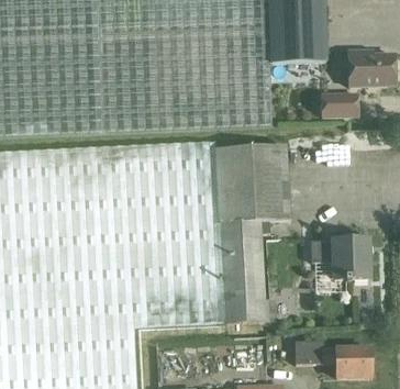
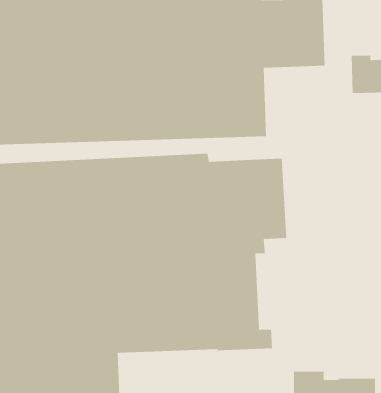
building: [319,91,355,115] -> none
building: [311,240,369,281] -> none

